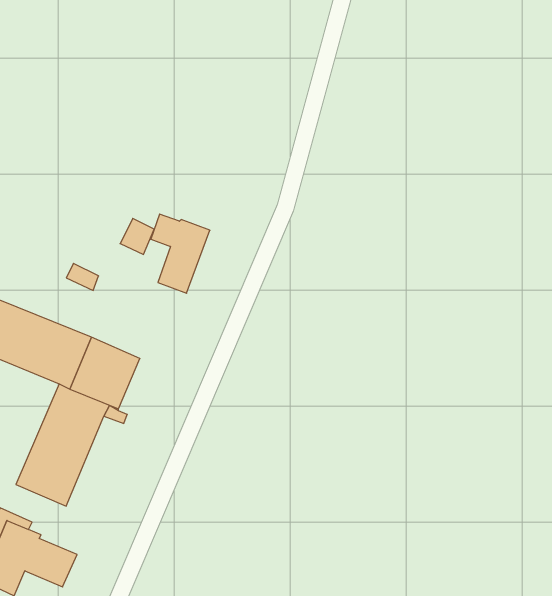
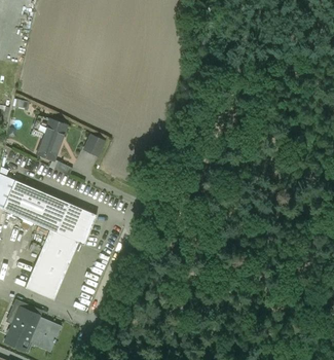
building: [151,214,210,293] -> [34,115,68,160]

